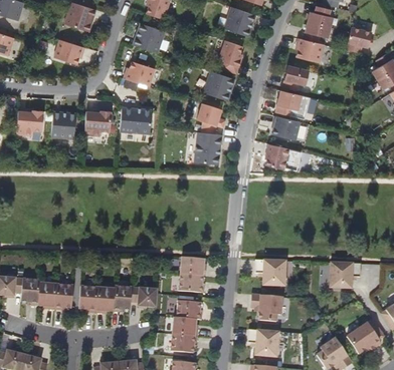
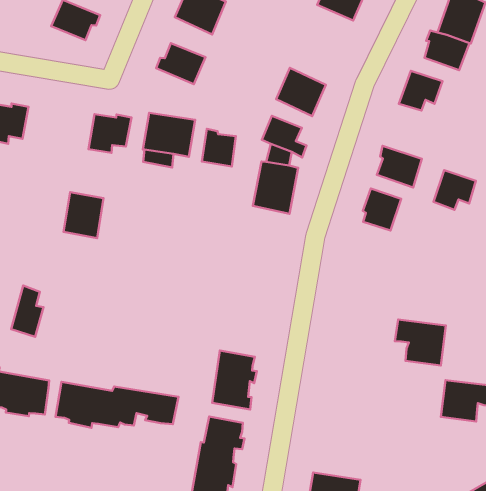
building: [219,40,242,73] -> none
building: [275,90,302,115] -> [433,170,476,210]
building: [51,110,75,138] -> [63,192,104,238]
building: none -> [202,129,236,167]
building: none -> [11,285,43,337]
building: [254,260,286,287] -> [395,320,446,365]
building: [251,295,283,322] -> none

